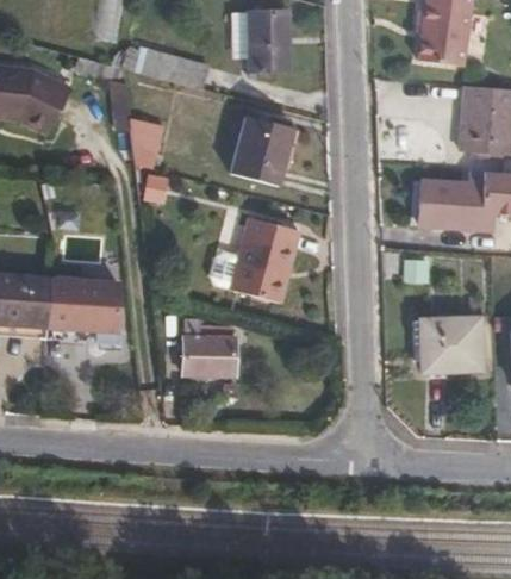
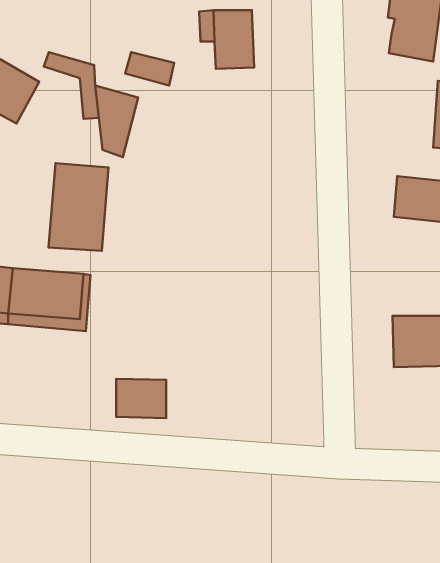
building: [230,118,294,188] -> none
building: none -> [49,163,109,251]
building: [228,214,299,300] -> none
building: [181,331,231,371] -> [116,379,166,418]

